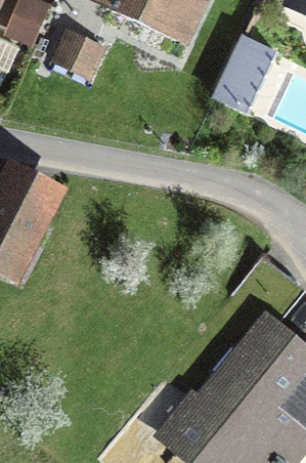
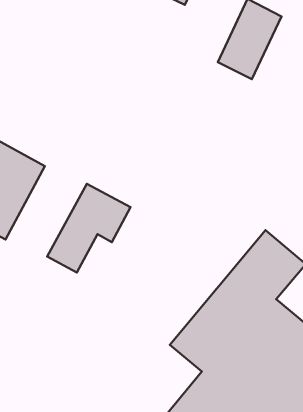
building: none -> [47,184,131,273]

